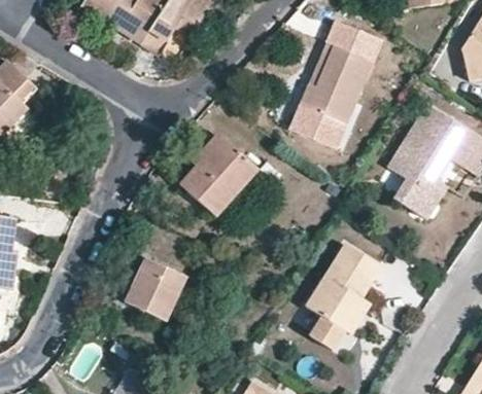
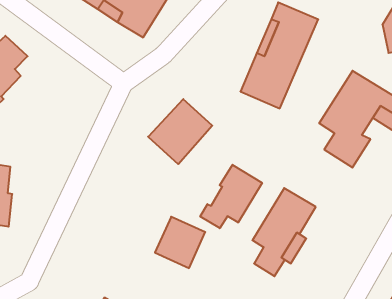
building: none -> [200,165,262,228]
building: [125,259,185,321] -> [155,217,205,268]

